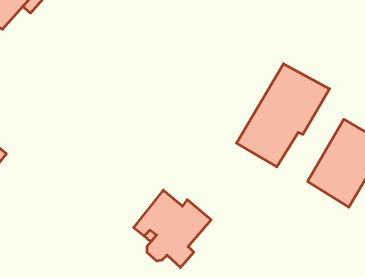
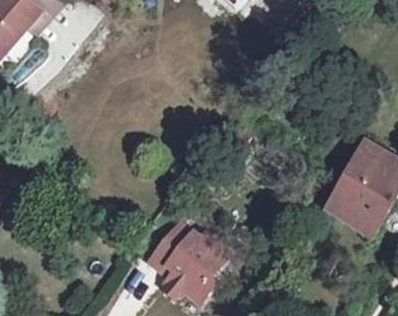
building: [236,64,330,167] -> none

